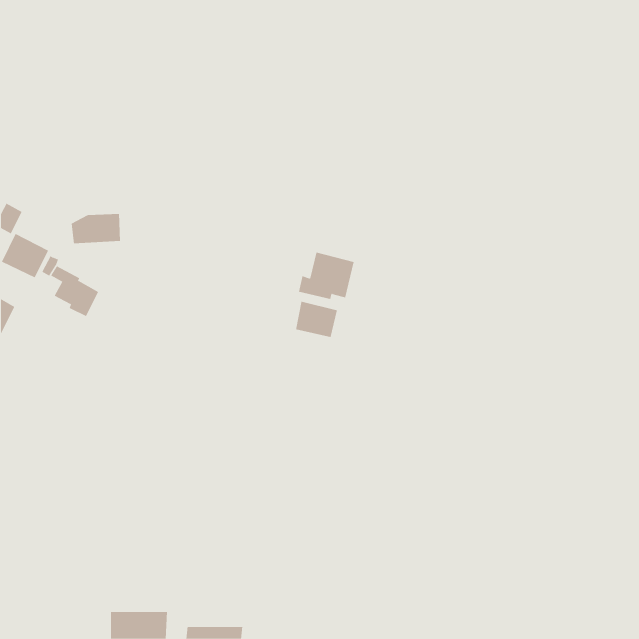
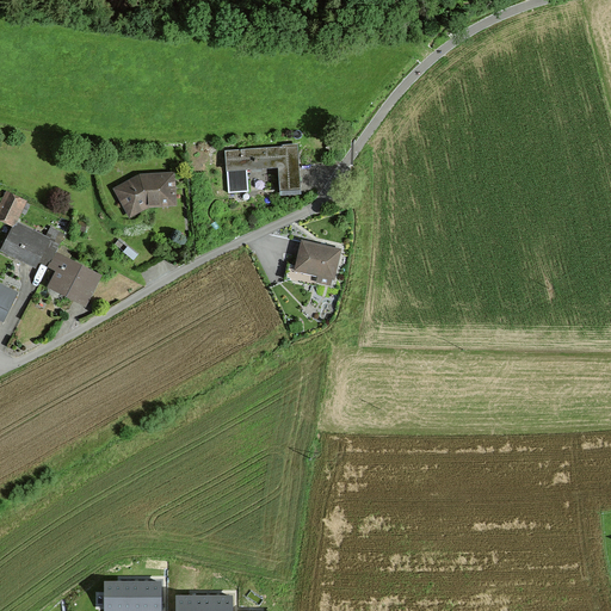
building: none -> [226,146,300,192]
building: [71,214,121,244] -> [124,175,172,204]
building: [296,301,337,338] -> none

